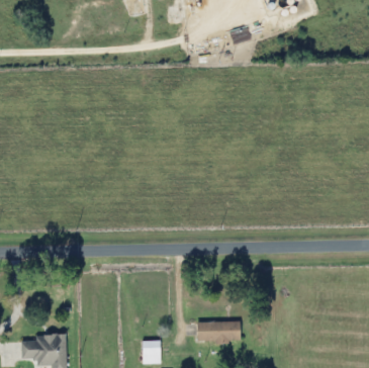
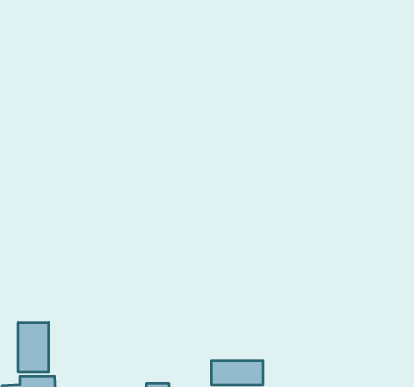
building: none -> [18,322,49,372]

